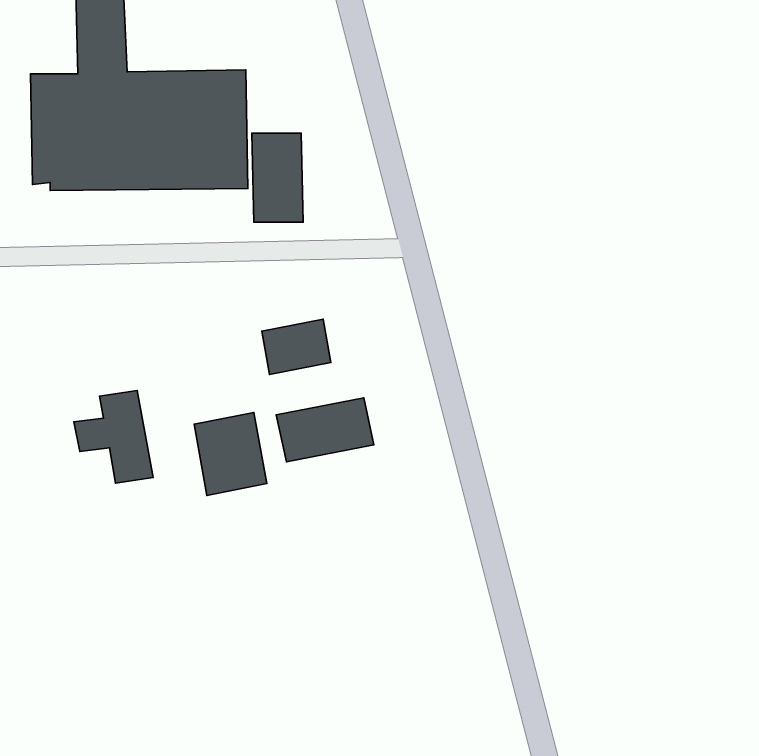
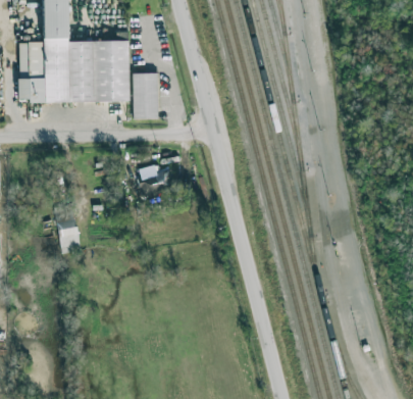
building: [276,398,374,462] -> none
building: [194,412,267,495] -> none

